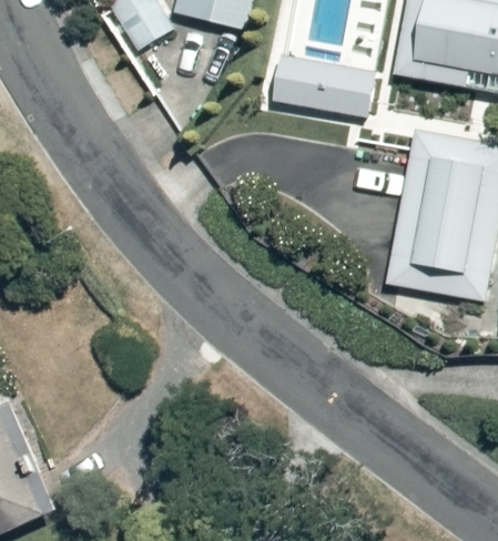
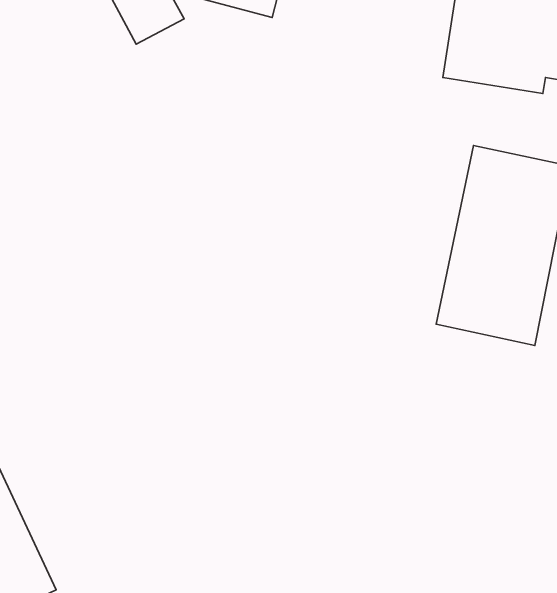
building: [272,52,375,120] -> none

